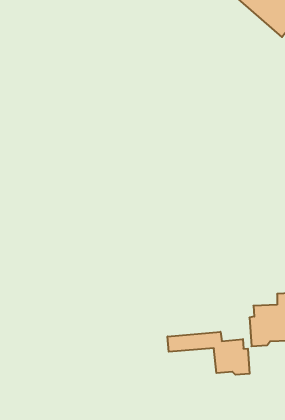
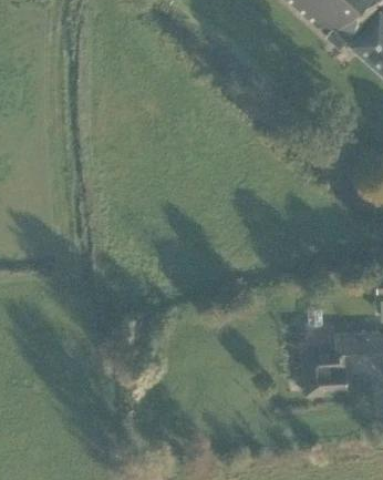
building: [168,332,250,375] -> none

